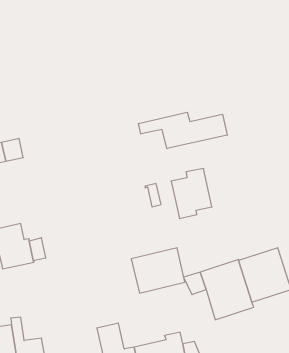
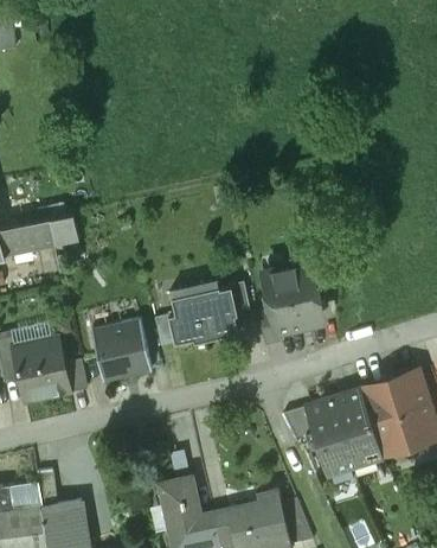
building: [139,112,227,149] -> none
building: none -> [49,212,78,244]
building: none -> [91,318,152,381]
building: [131,248,185,293] -> [159,286,234,350]

